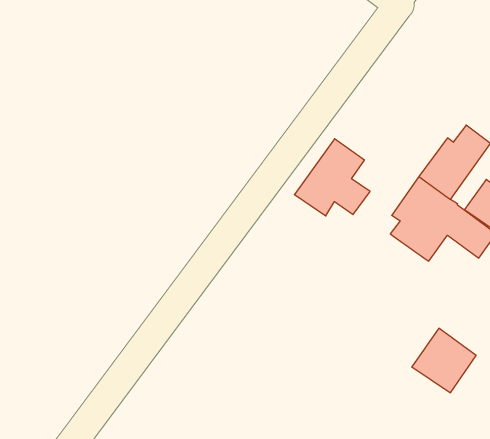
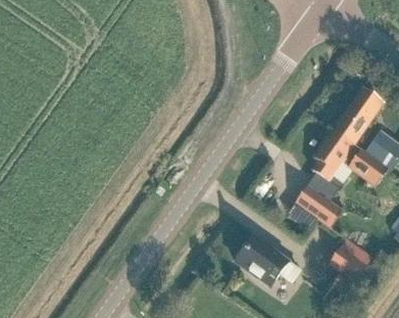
building: [294,139,370,216] -> [287,171,341,226]
building: none -> [236,236,299,285]

